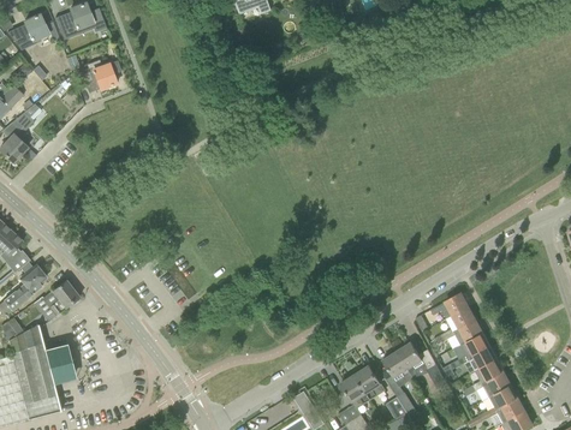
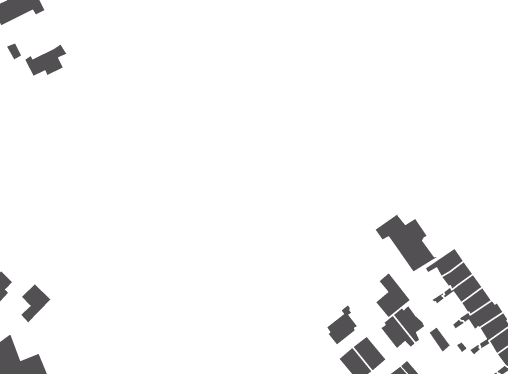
building: none -> [375,213,438,274]
building: none -> [375,272,411,318]
building: none -> [326,305,358,345]

